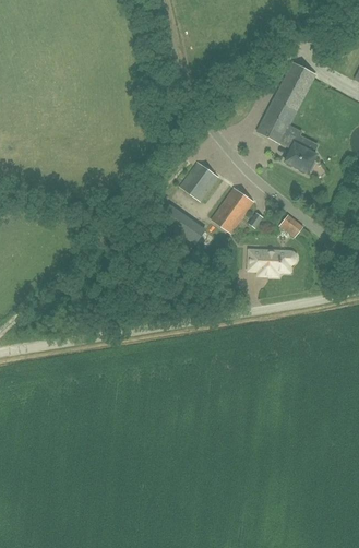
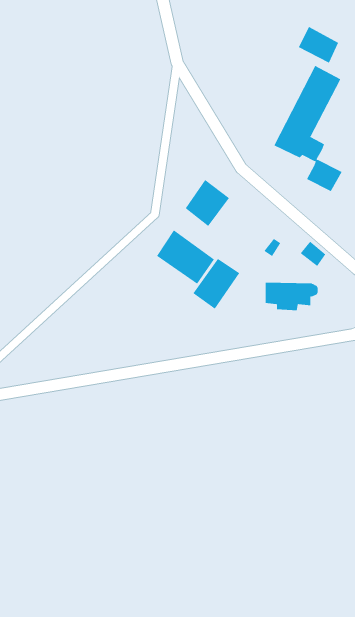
building: none -> [298,26,339,64]
building: [212,188,253,233] -> [193,258,240,309]

